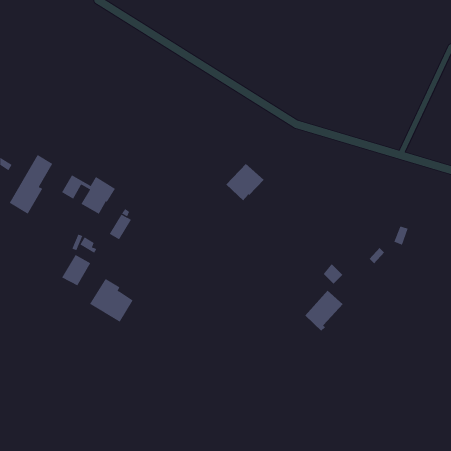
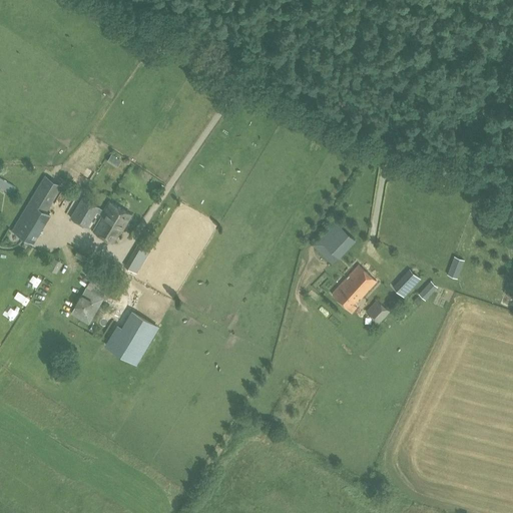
building: [225,163,264,201] -> [311,221,355,265]
building: none -> [391,269,420,298]
building: [305,290,343,332] -> [332,266,376,313]

